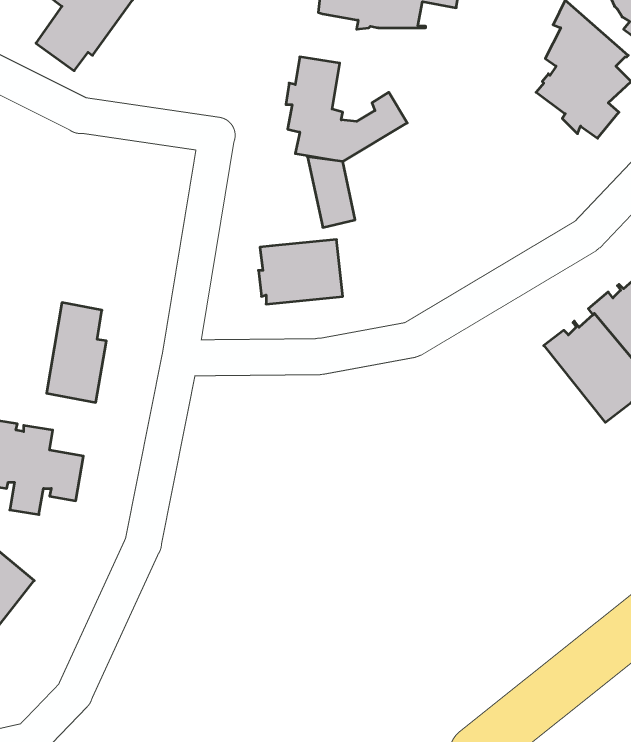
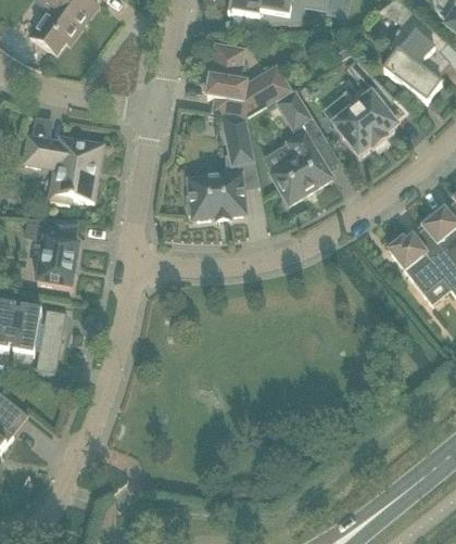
building: none -> [332,56,396,154]
building: none -> [269,87,331,201]
building: none -> [23,134,102,199]

